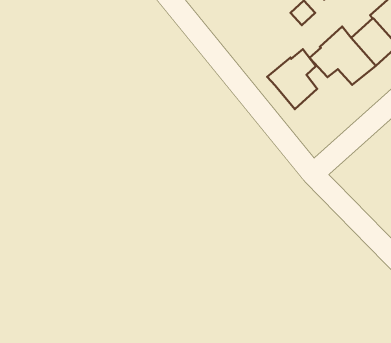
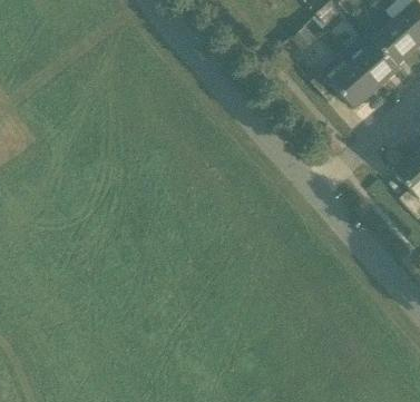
building: [267,49,317,109] -> none

